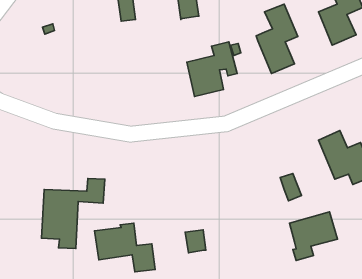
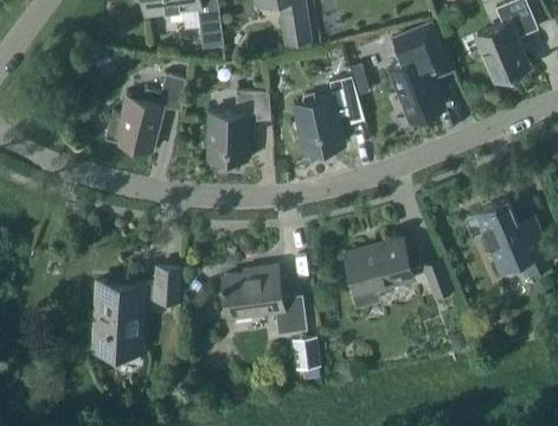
building: none -> [105,75,184,152]
building: none -> [207,91,269,159]
building: [289,212,337,261] -> [345,241,411,309]
building: [95,223,155,272] -> [222,267,306,335]

